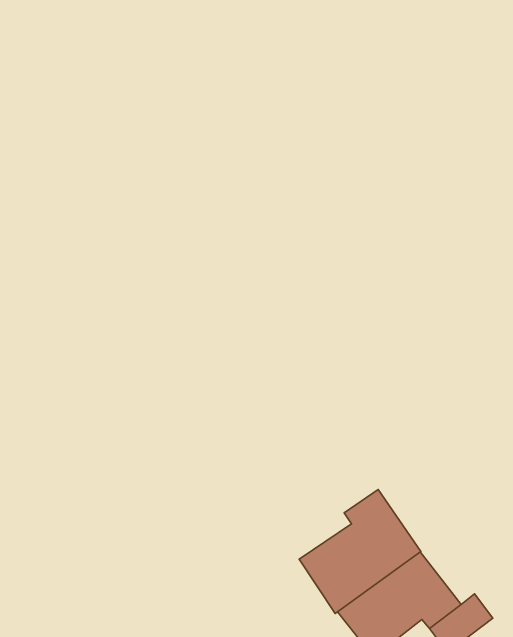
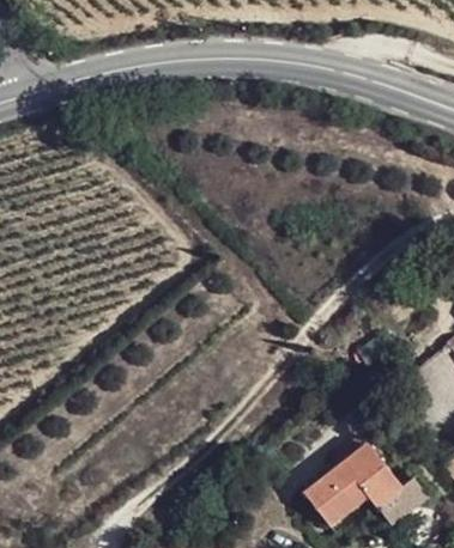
building: [299,489,421,614] -> none

